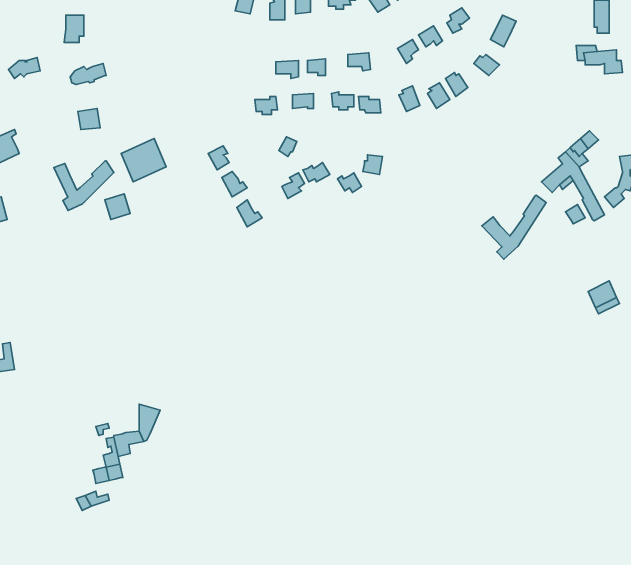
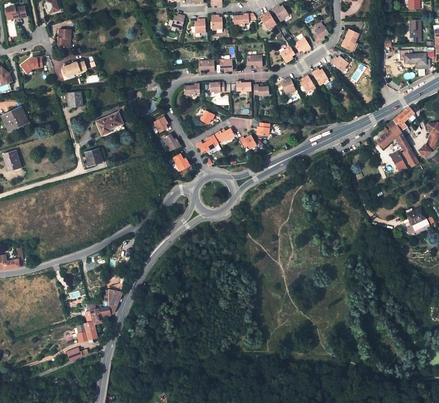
building: [54,161,114,211] -> none
building: [482,195,546,259] -> none

